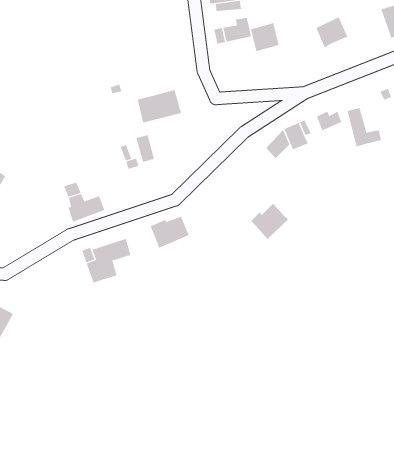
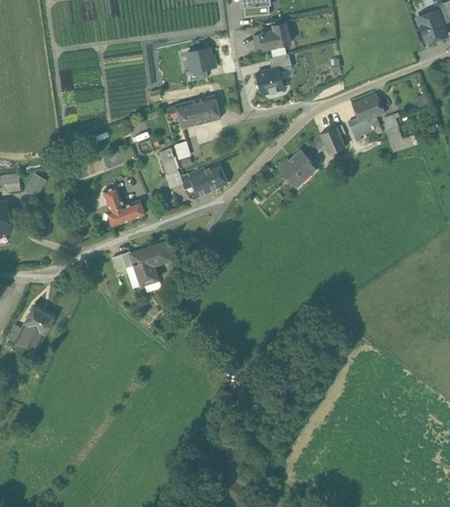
building: [315,17,348,48] -> [356,90,389,121]
building: [250,22,280,52] -> [255,67,284,96]
building: none -> [186,48,214,72]
building: [250,203,289,240] -> [278,153,316,189]
building: [150,216,189,249] -> [187,165,226,197]

